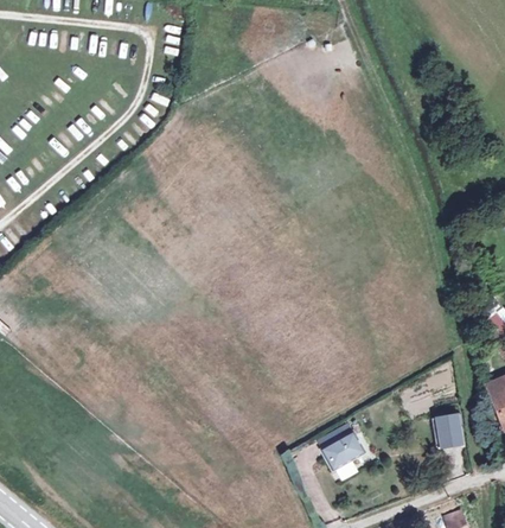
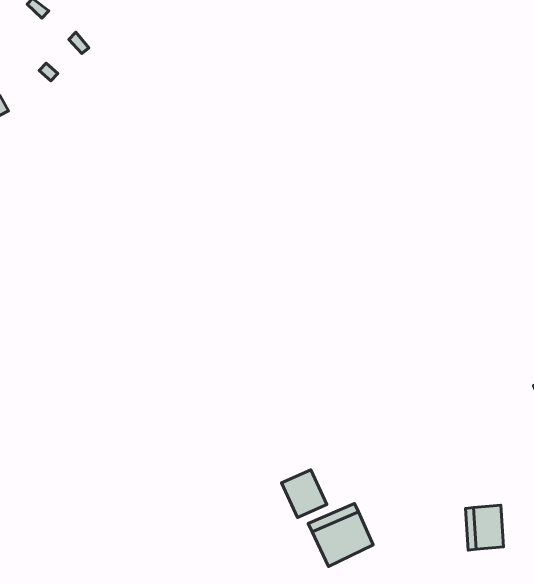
building: none -> [281,470,327,518]

